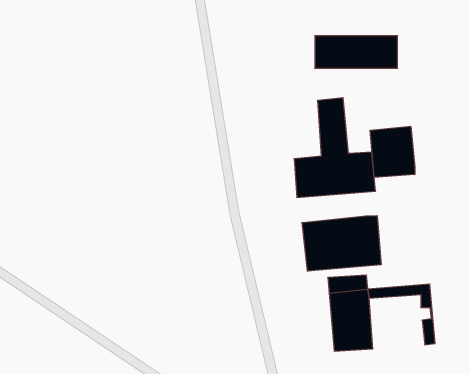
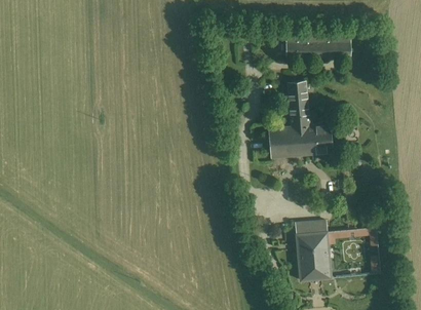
building: [370,126,415,177] -> none
building: [302,216,381,271] -> none

